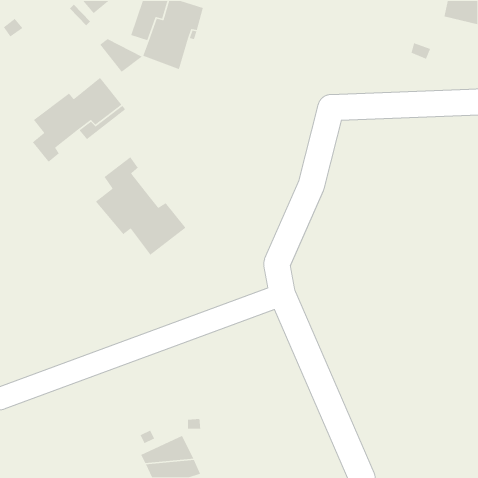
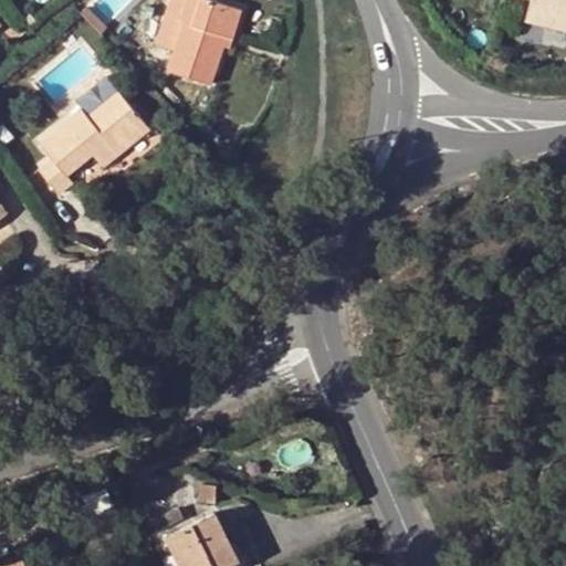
building: [99,38,143,73] -> none
building: [95,156,187,256] -> none

